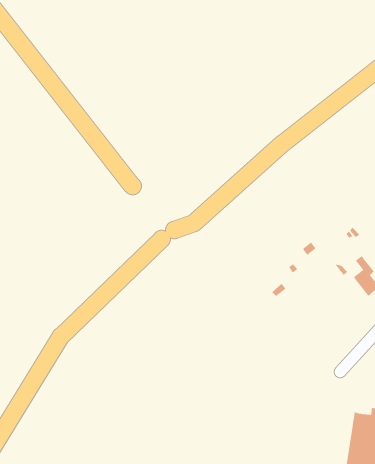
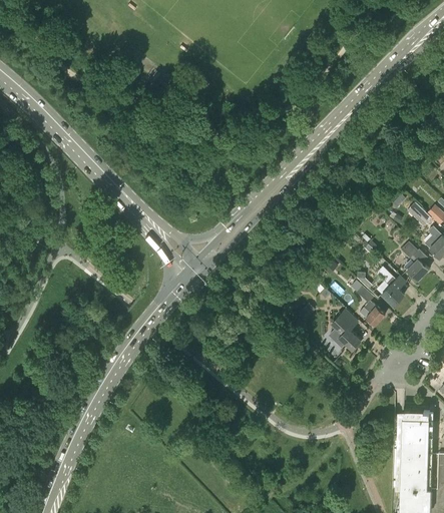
building: none -> [357,286,386,325]
building: none -> [332,311,362,351]

